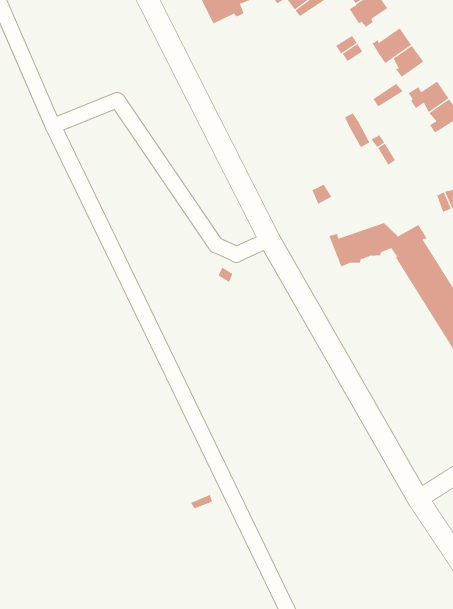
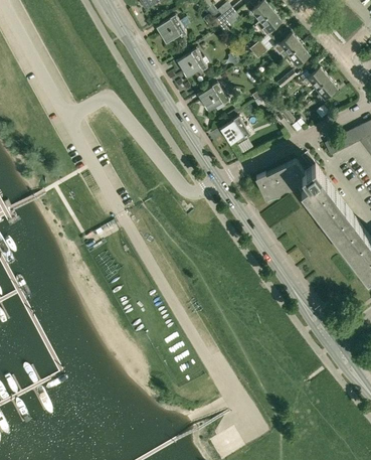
building: none -> [177,49,208,78]
building: none -> [198,83,228,111]
building: none -> [220,117,250,147]

